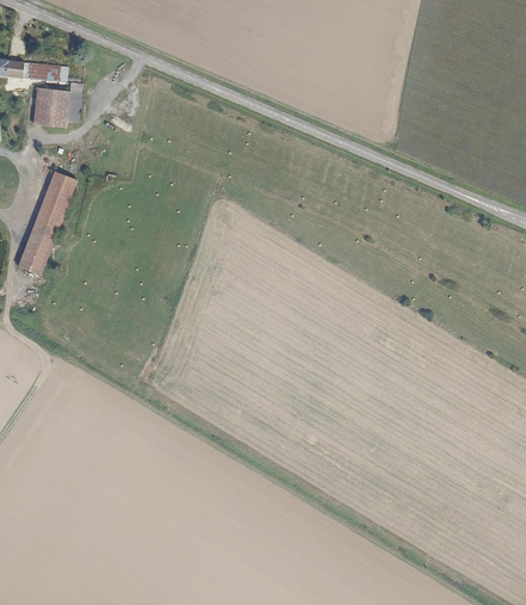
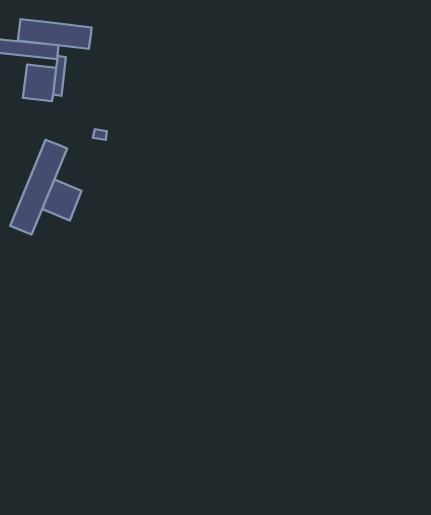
building: none -> [18,19,92,49]
building: none -> [43,179,82,221]

